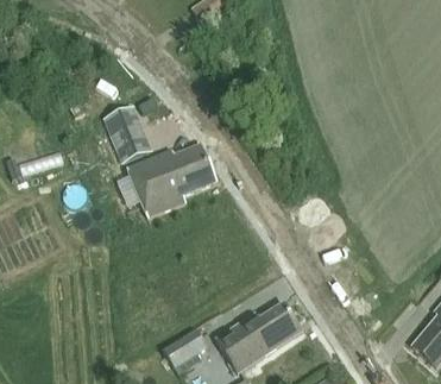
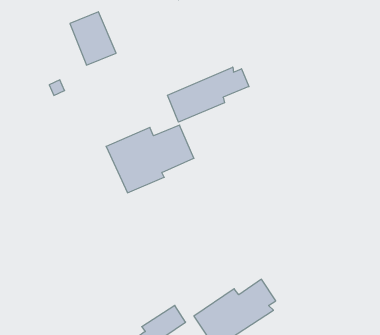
building: none -> [167,67,249,122]
building: [102,100,149,153] -> [70,12,116,65]

